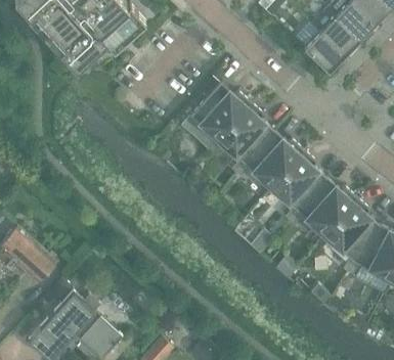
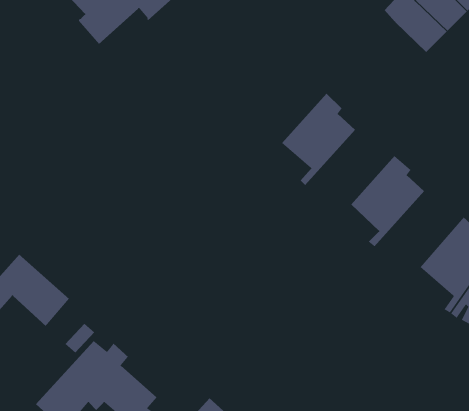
building: [182,83,252,148] -> none
building: [235,132,304,189] -> none
building: [289,179,357,237] -> none

